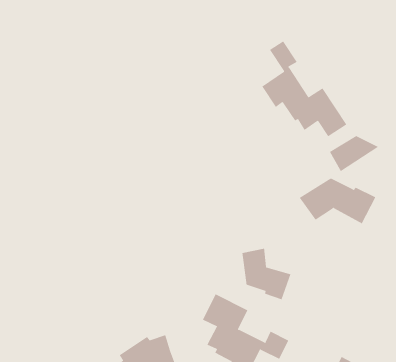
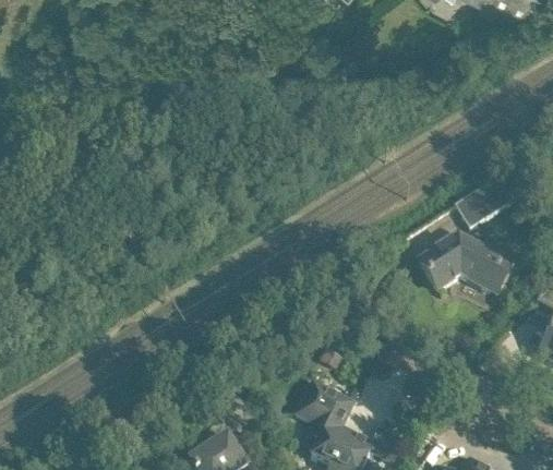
building: [261,40,347,137] -> none
building: [242,248,291,300] -> none

